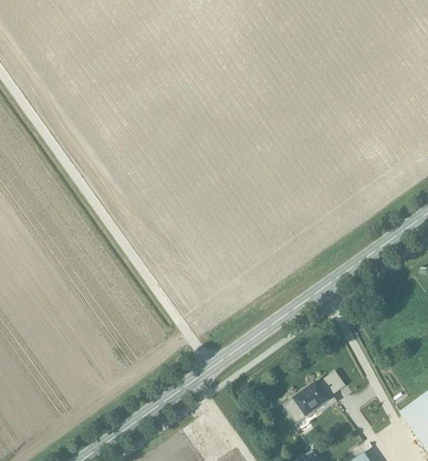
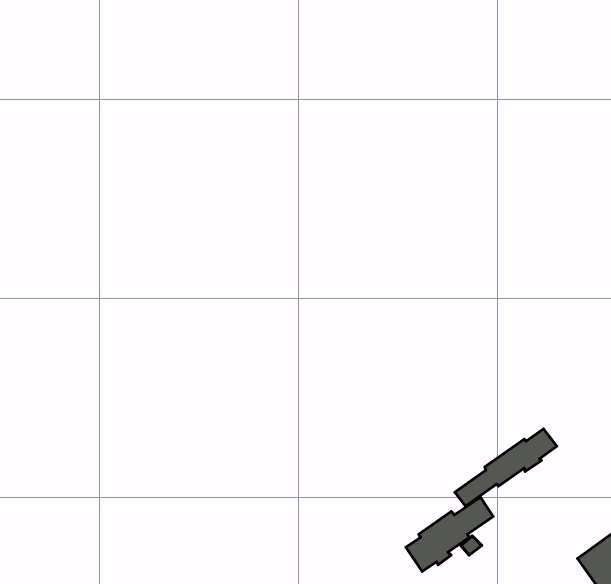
building: none -> [455,429,557,506]

